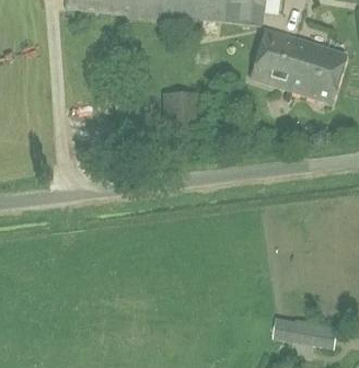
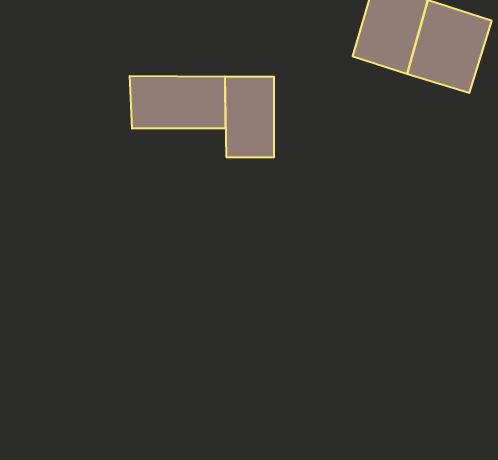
building: none -> [130,76,225,129]
building: [273,315,338,347] -> none

